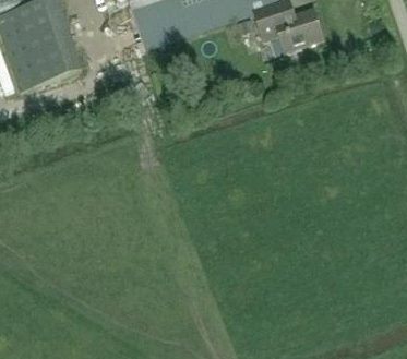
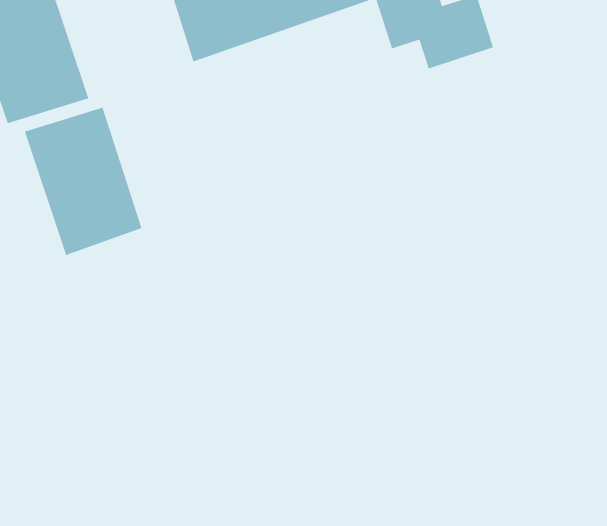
building: none -> [24,107,142,256]

